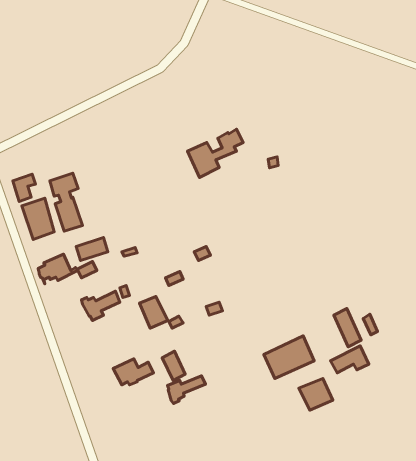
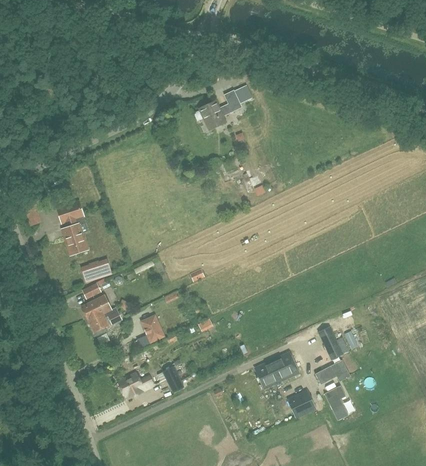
building: [187,129,243,177] -> [198,87,249,131]
building: [22,198,54,239] -> none
building: [38,254,78,284] -> [82,294,118,321]
building: none -> [324,385,349,420]
building: [168,376,206,404] -> none

